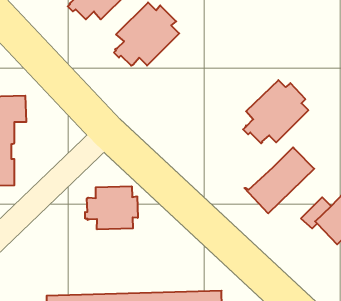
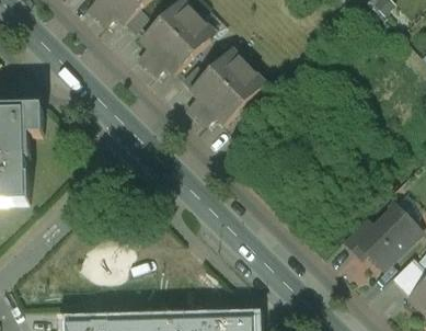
building: [243,80,308,143] -> [188,55,260,124]
building: [244,147,314,213] -> none
building: [85,186,138,229] -> none

